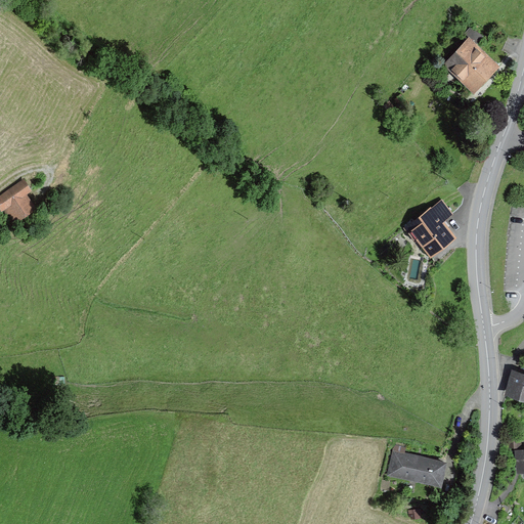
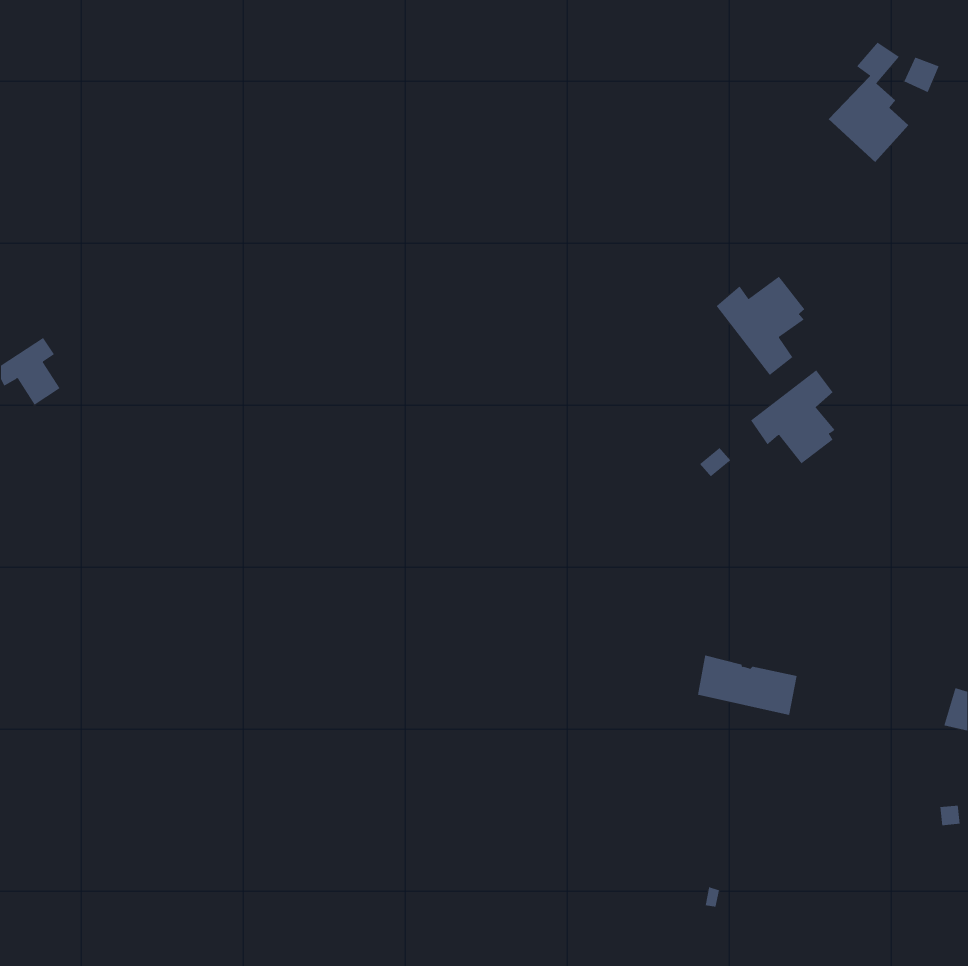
building: none -> [716,276,805,376]
building: [390,452,444,485] -> [697,655,797,716]

